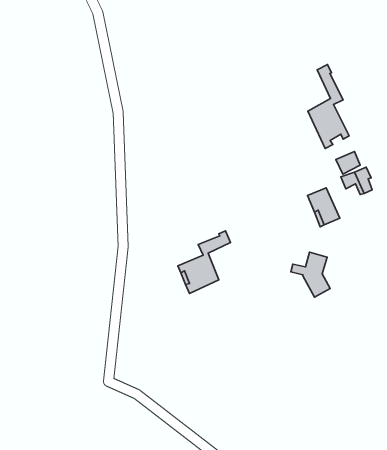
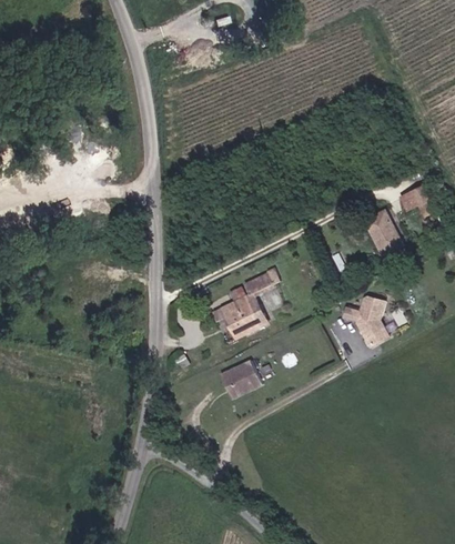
building: [308,64,349,149] -> none
building: none -> [220,356,262,395]

